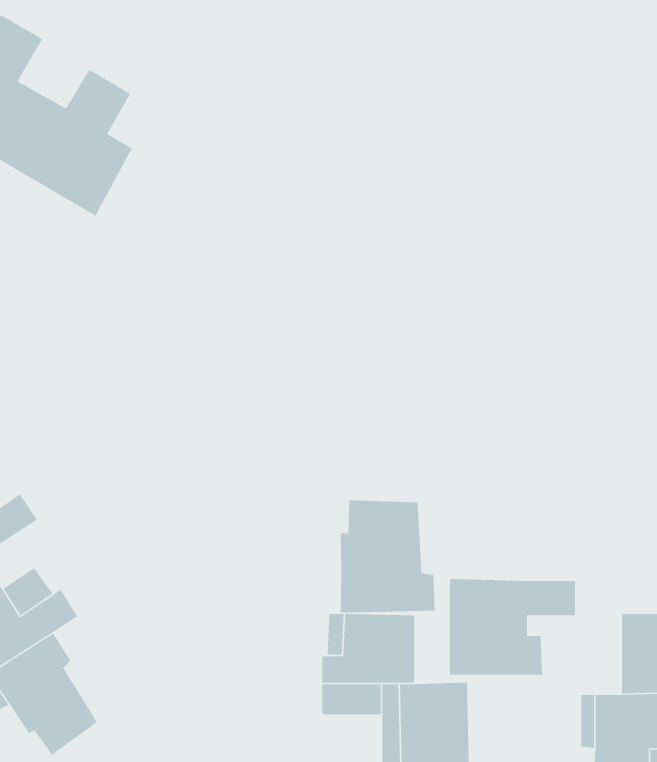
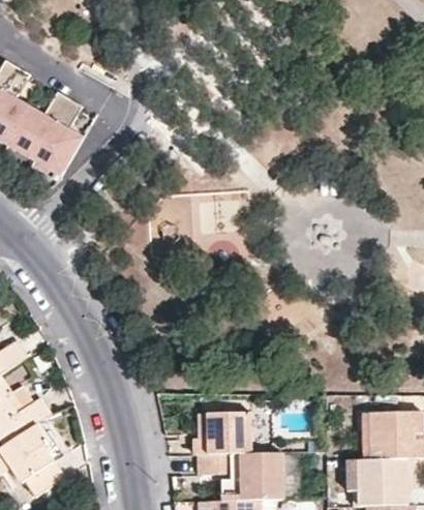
building: [340,499,436,613] -> none
building: [449,578,576,675] -> none

